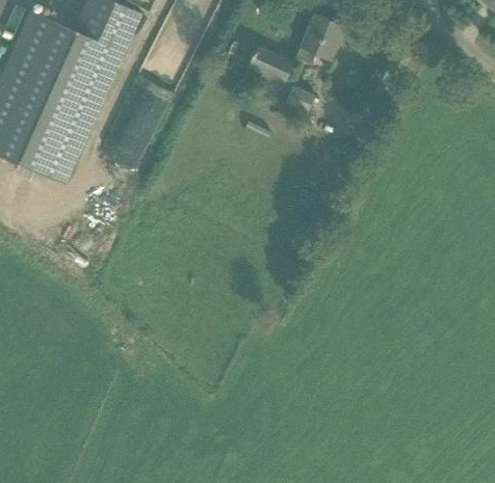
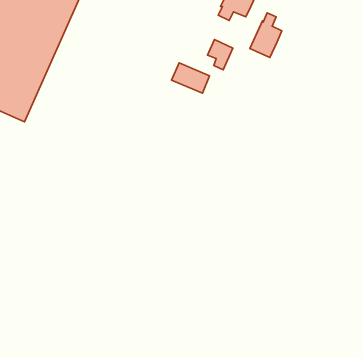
building: [248,46,293,82] -> [171,63,210,93]
building: none -> [250,13,282,58]

